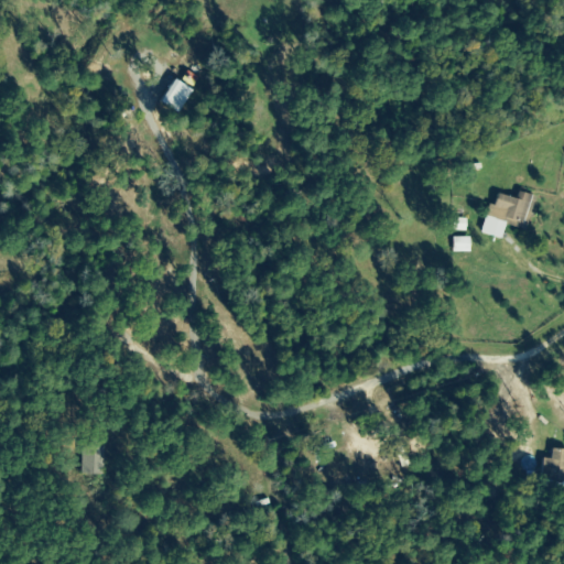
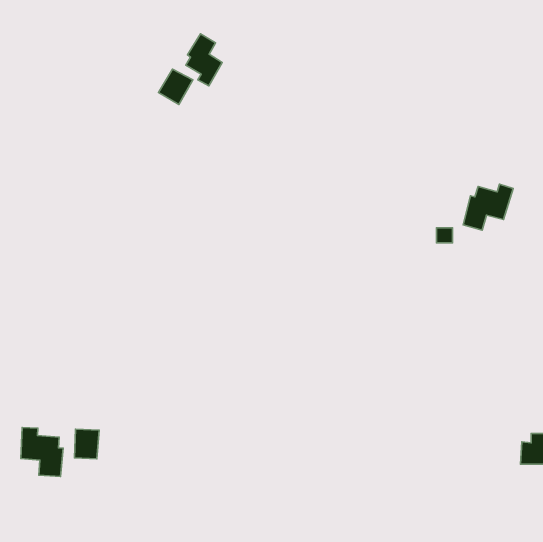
building: none -> [186,34,222,86]
building: none -> [21,428,63,477]

